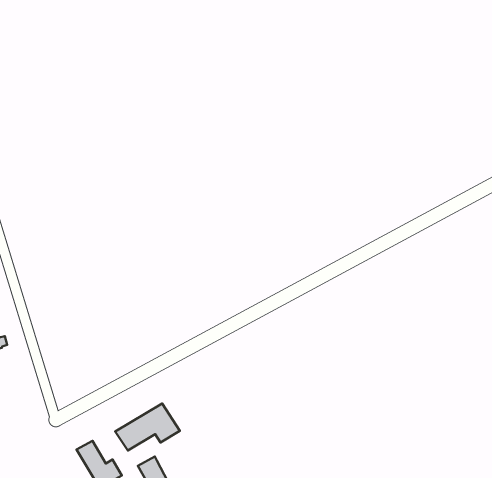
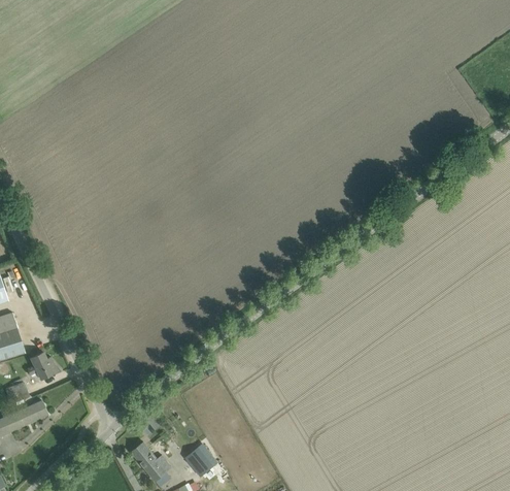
building: [115,403,180,451] -> none

